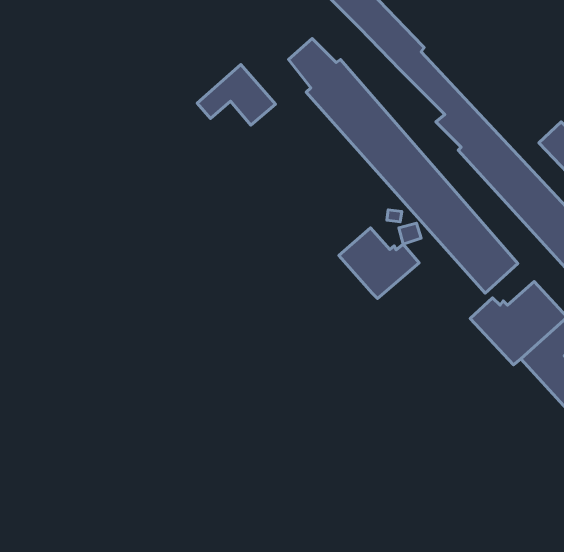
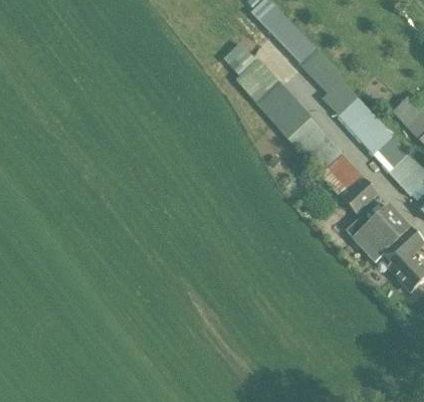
building: [197,65,275,125] -> none
building: [339,228,419,299] -> none

